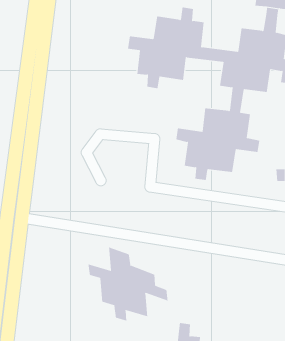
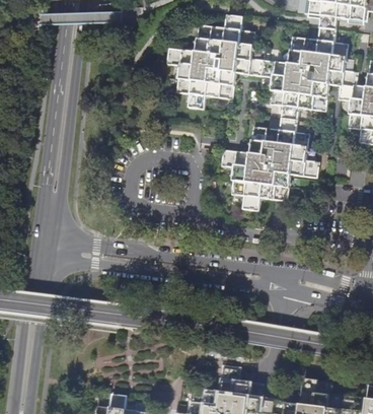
building: [88,247,168,322] -> none

